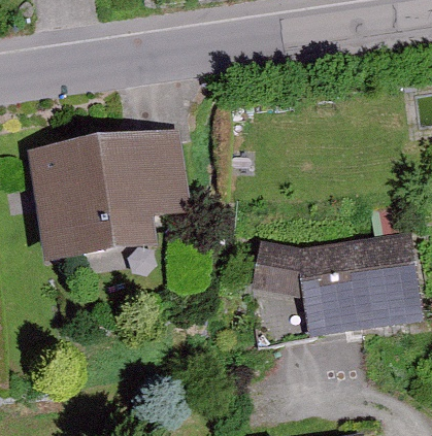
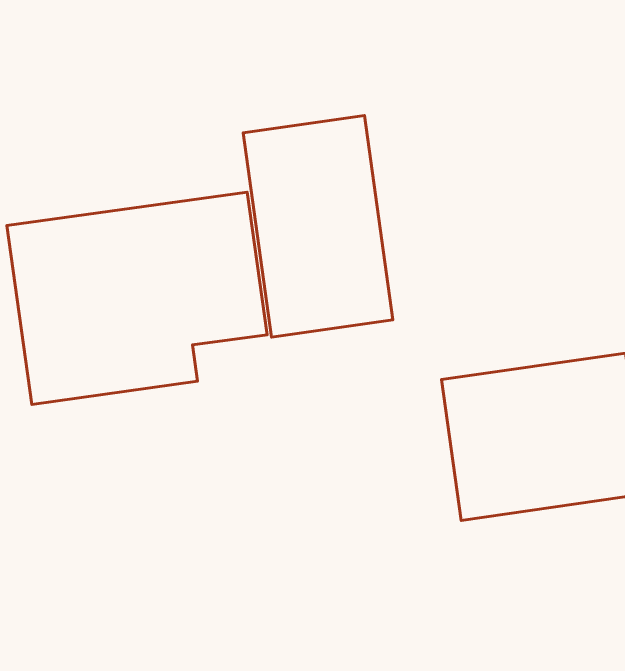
building: none -> [243,116,393,337]

